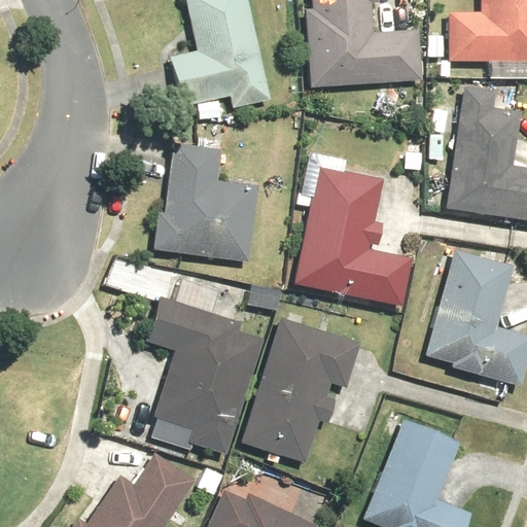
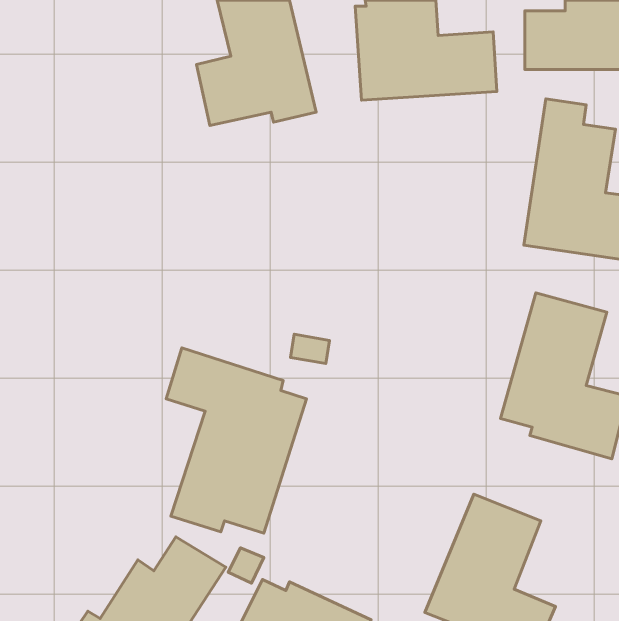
building: [152,142,261,258] -> none
building: [293,165,415,306] -> none
building: [242,317,362,463] -> none

